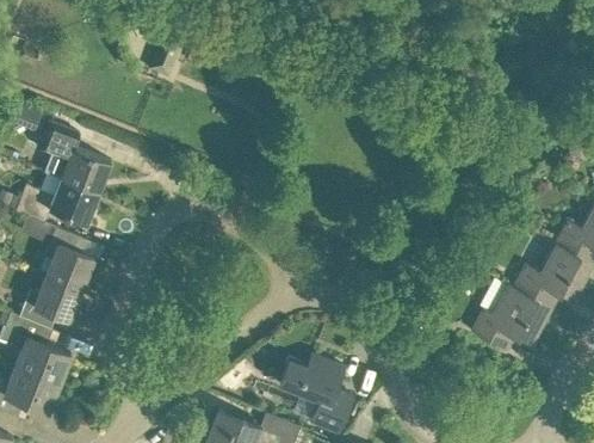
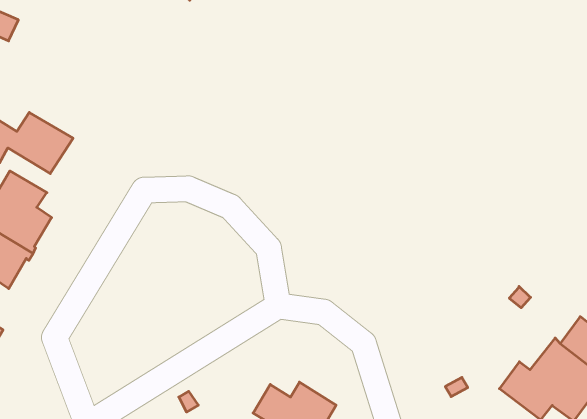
building: [39,123,111,193] -> none

